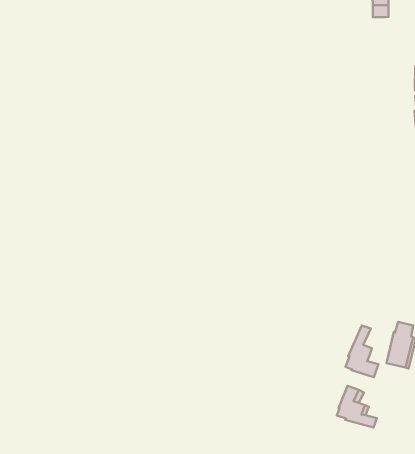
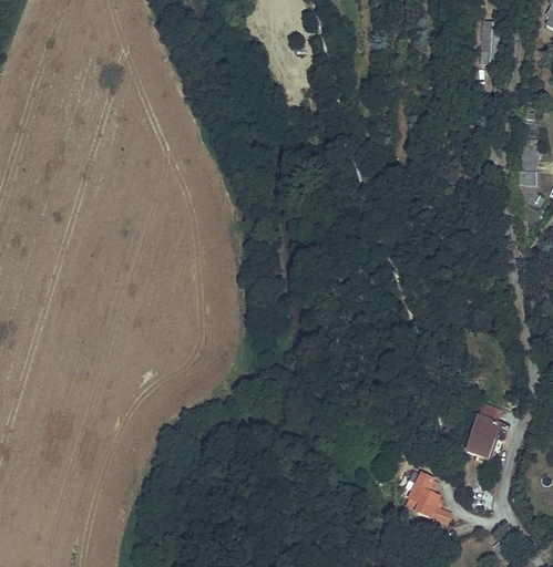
building: [346,325,378,377] -> none

